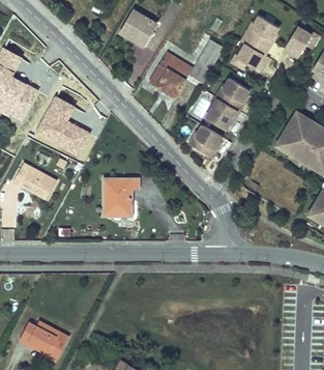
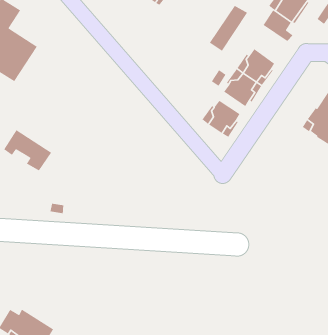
building: [149,54,190,98] -> none
building: [35,94,91,153] -> none
building: [104,179,139,217] -> none

